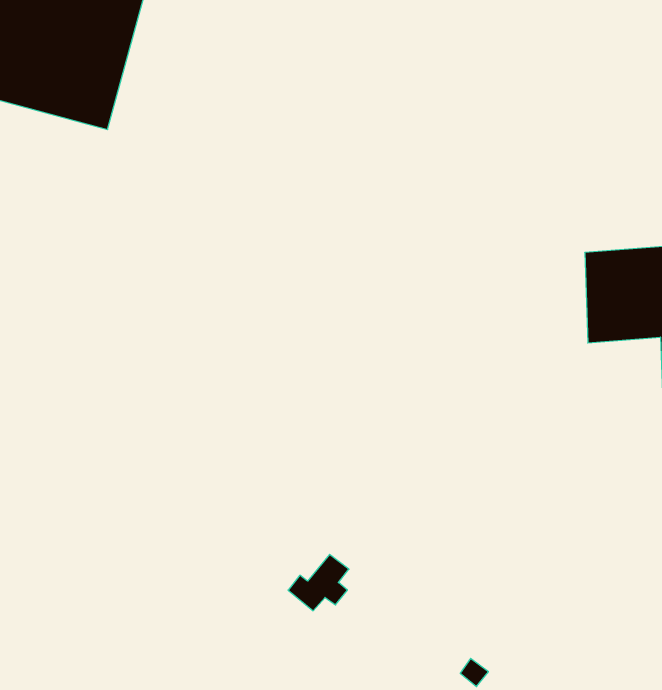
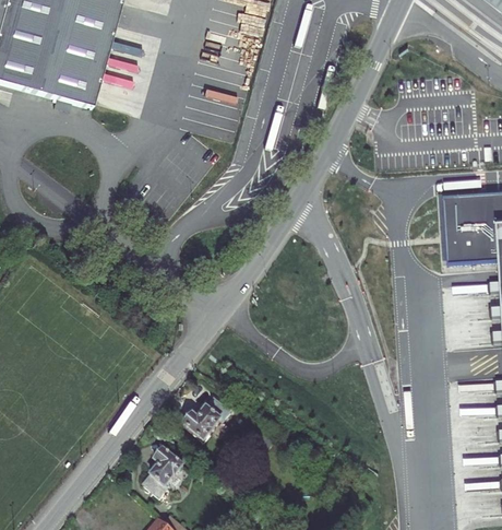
building: [288,554,349,611] -> [183,394,228,436]
building: none -> [143,446,182,493]

